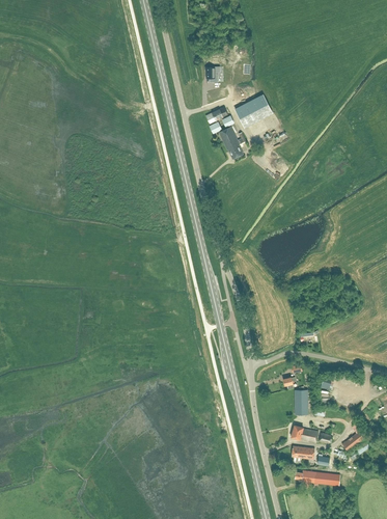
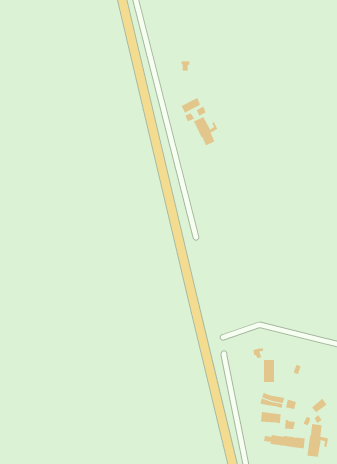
building: [236,93,272,127] -> none
building: none -> [307,423,328,457]

